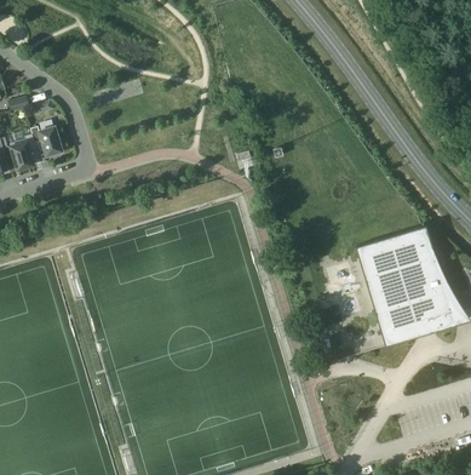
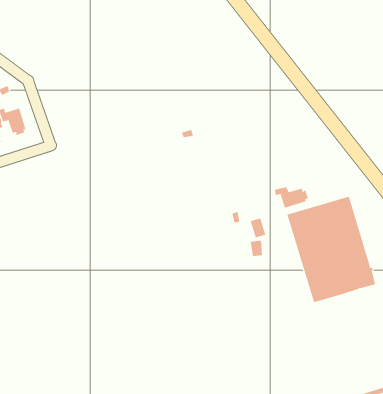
building: none -> [274,187,308,209]

